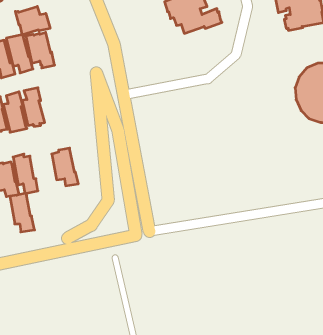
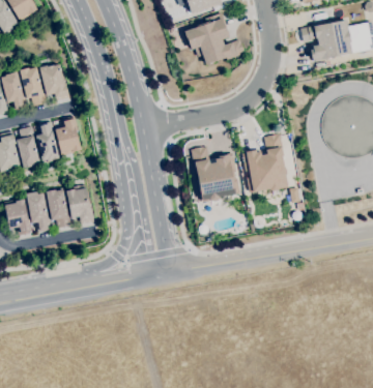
building: [15,6,50,34] -> none
building: none -> [56,116,82,155]
building: none -> [242,133,289,191]
building: none -> [192,146,241,201]
building: [10,193,35,232] -> [47,187,73,228]

